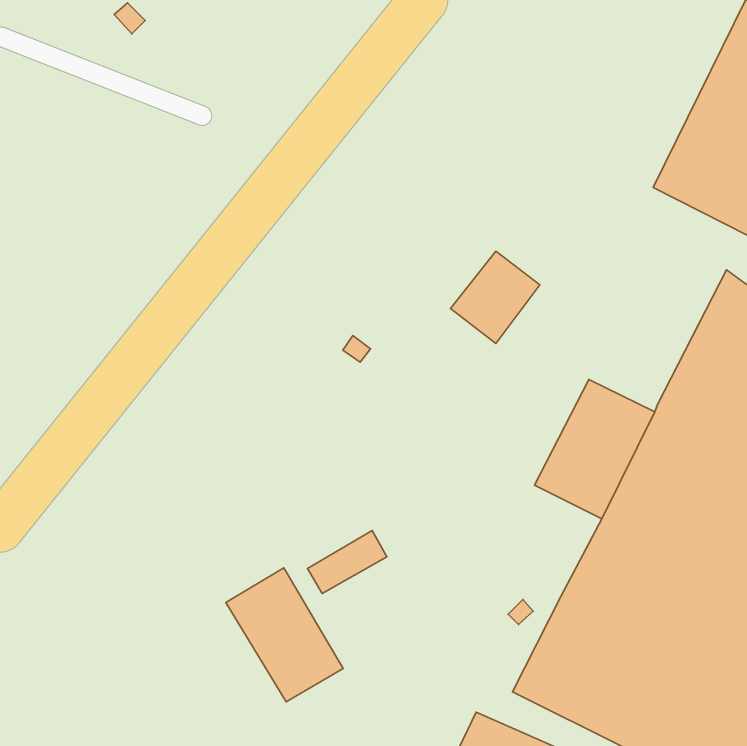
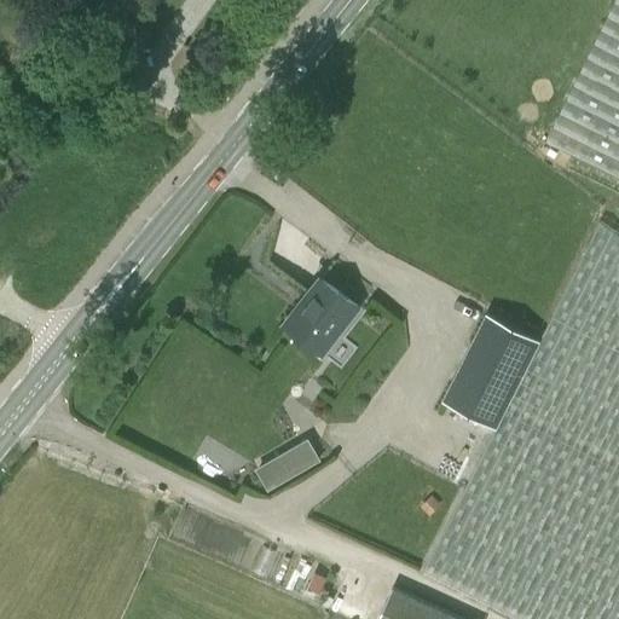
building: [451,251,540,344] -> [285,280,359,357]
building: [226,568,343,702] -> none

